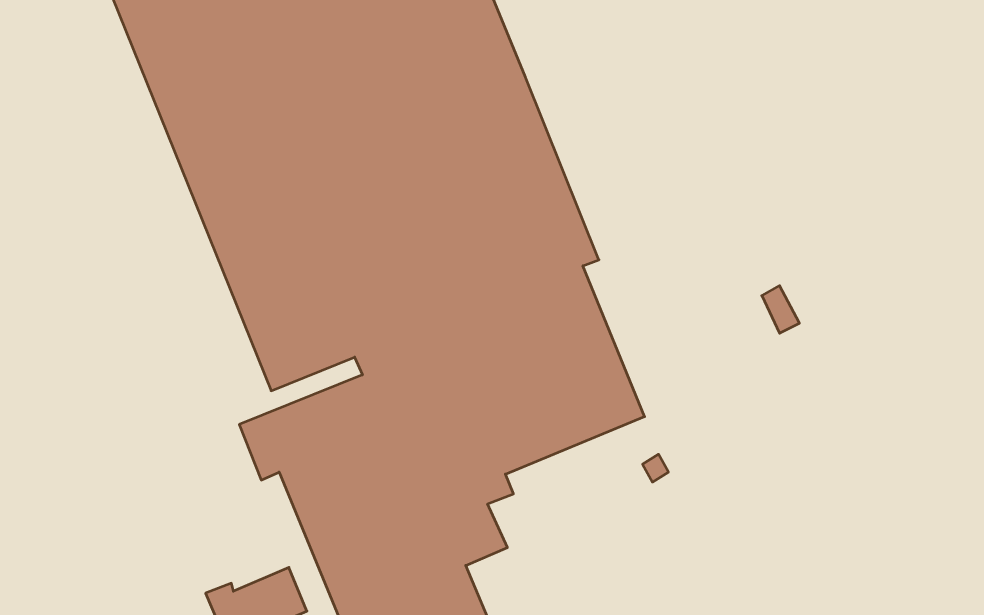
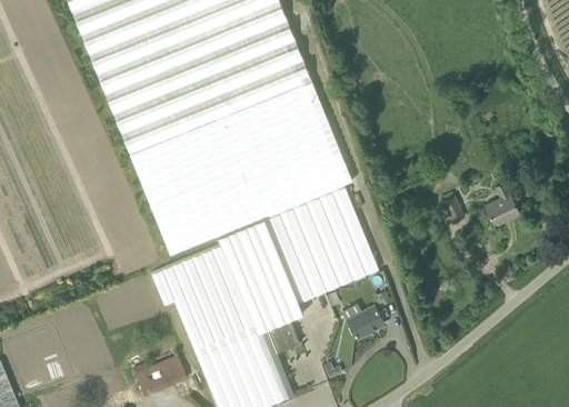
building: none -> [486,183,519,225]
building: none -> [348,305,383,338]

